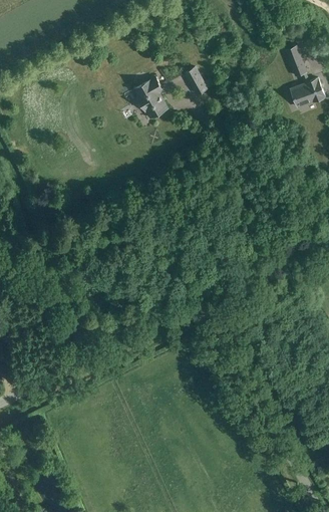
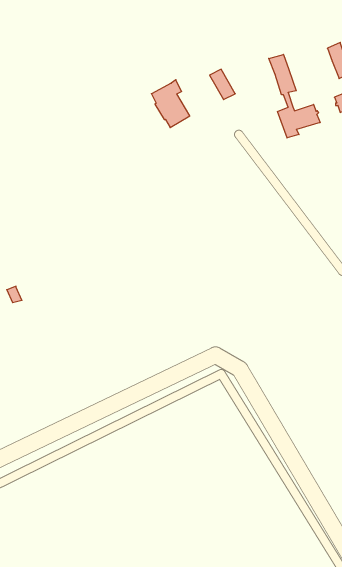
building: none -> [269,54,320,138]

